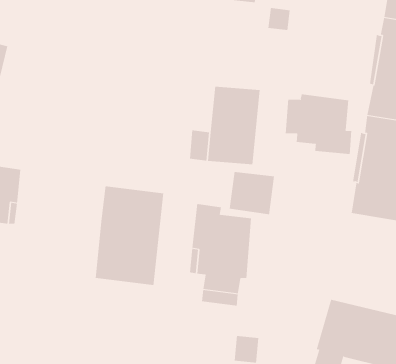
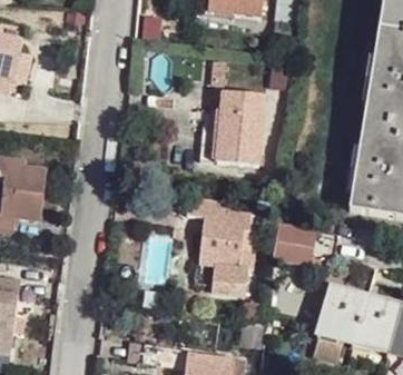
building: [285,94,352,155] -> none
building: [229,171,275,215] -> [274,231,316,272]
building: [95,186,164,286] -> none

